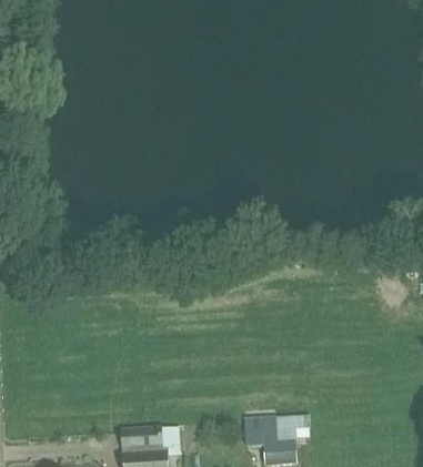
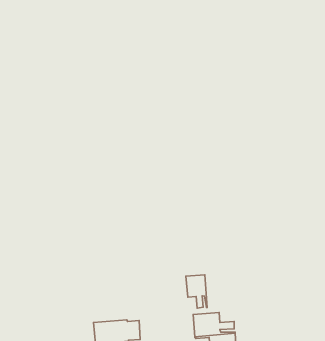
building: none -> [186,275,207,308]

